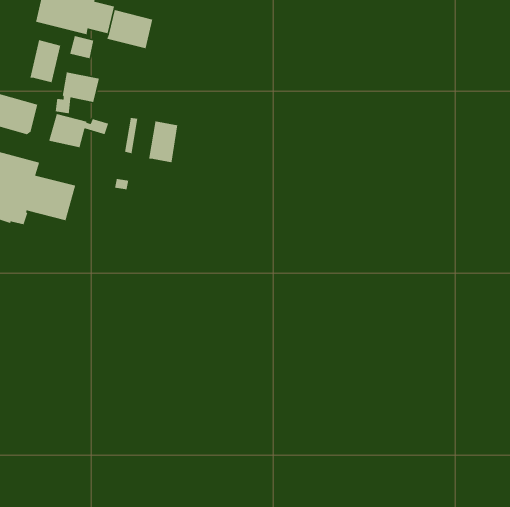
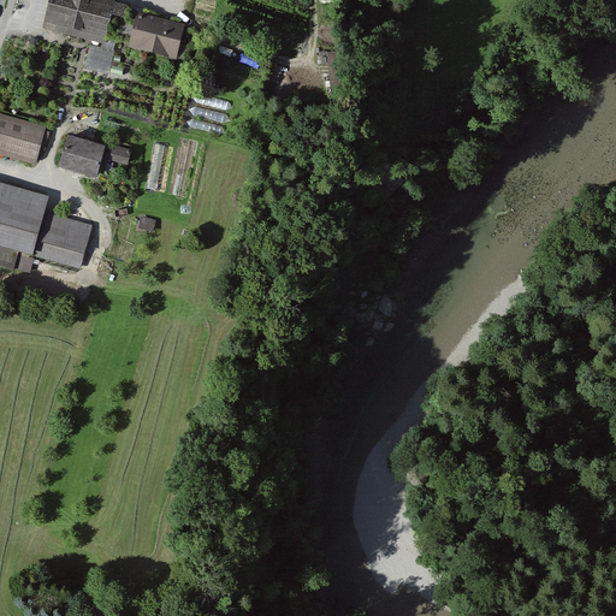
building: [29,39,61,83] -> none
building: [55,72,100,114] -> none
building: [148,121,178,163] -> none

